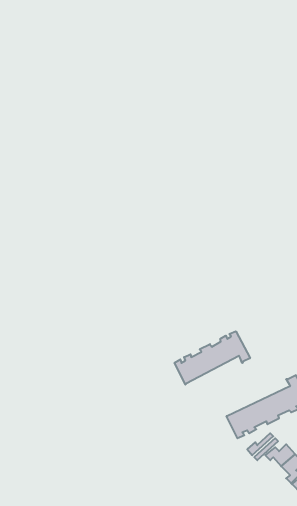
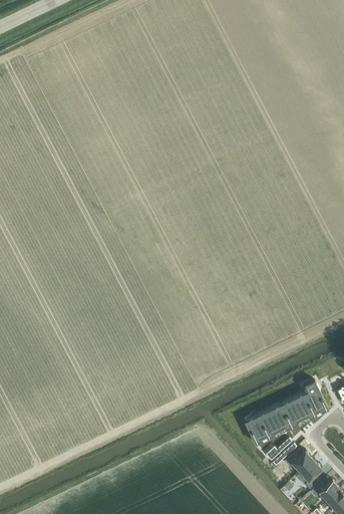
building: [175,331,250,385] -> none

